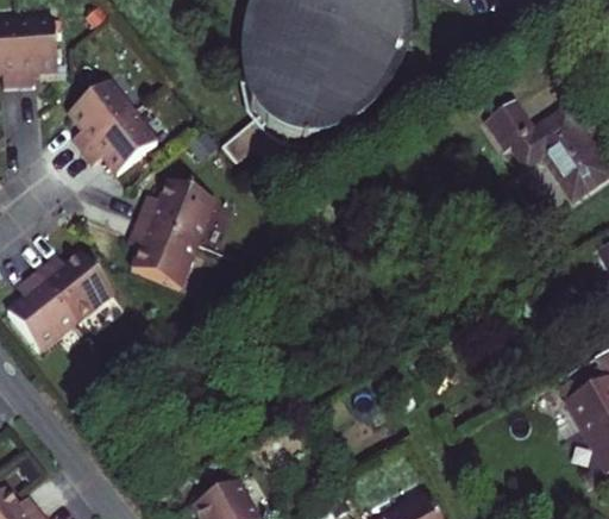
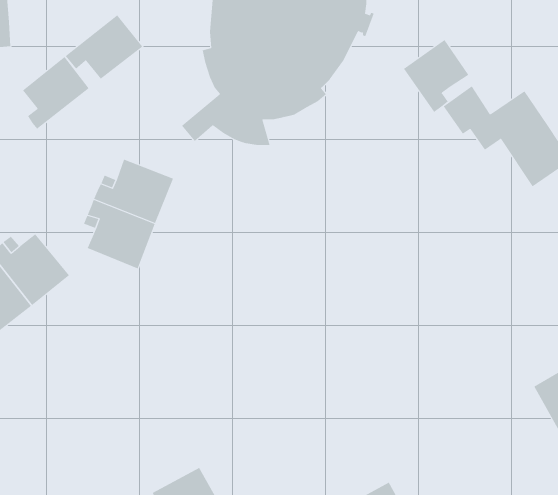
building: none -> [403,39,469,113]
building: [82,108,158,171] -> [65,15,143,79]

